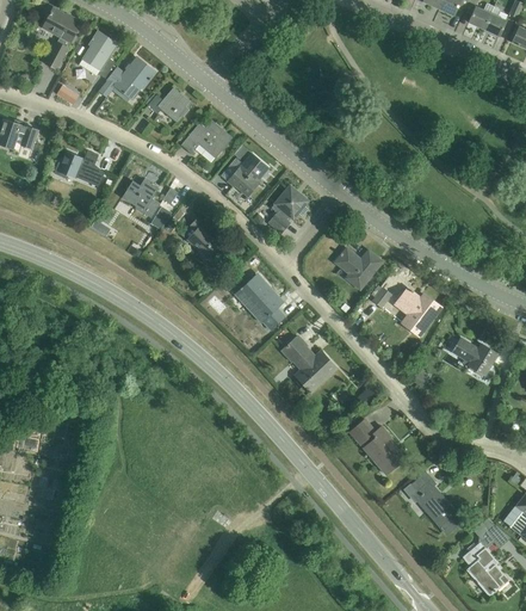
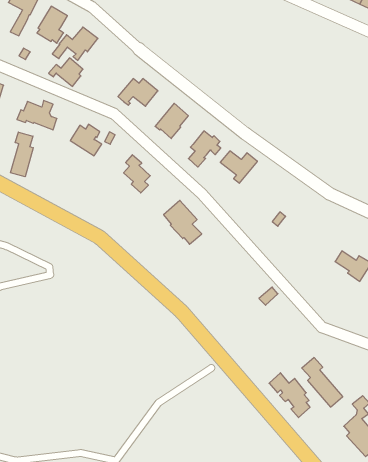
building: [147,87,190,123] -> [49,58,83,86]
building: none -> [11,132,33,177]
building: [335,248,382,289] -> [220,151,257,183]
building: [395,289,440,335] -> none
building: [281,335,336,393] -> none
building: [349,419,401,475] -> [269,373,310,418]

